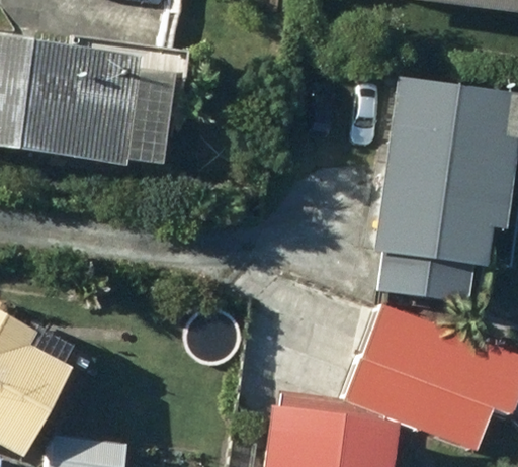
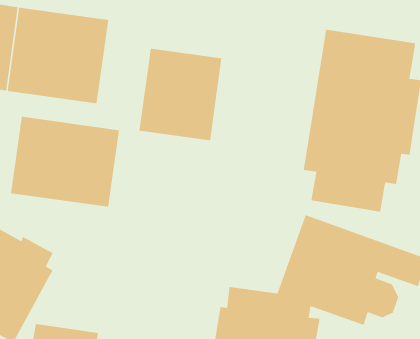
building: none -> [138,48,222,141]
building: none -> [10,116,120,207]

